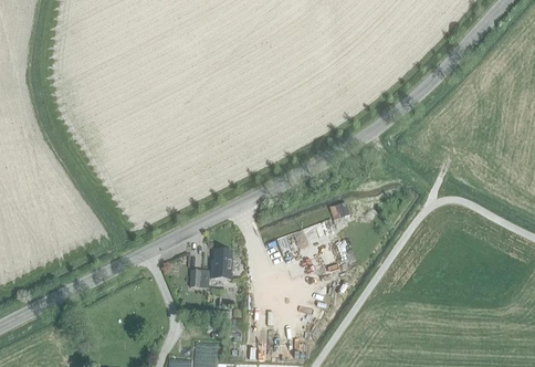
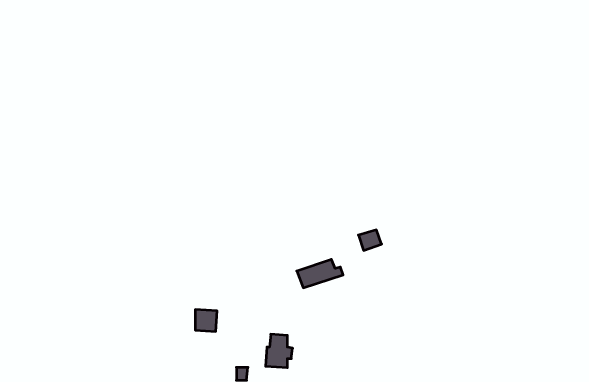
building: [211,250,234,279] -> [266,334,293,368]

